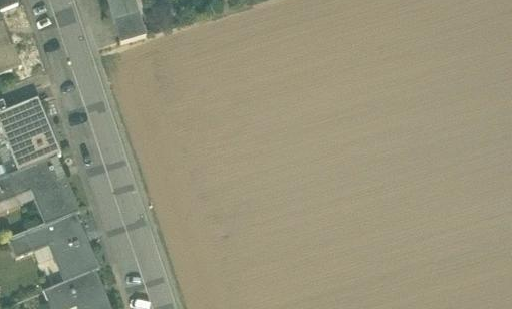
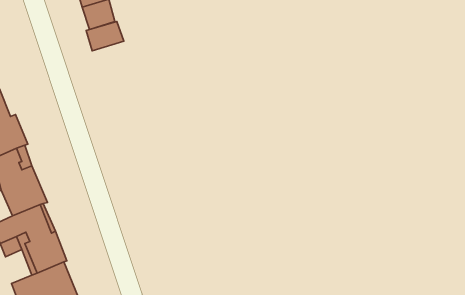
building: none -> [86,21,124,51]

